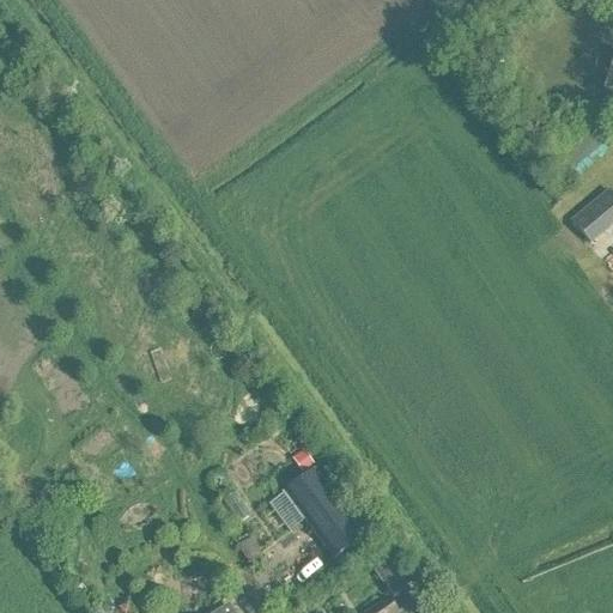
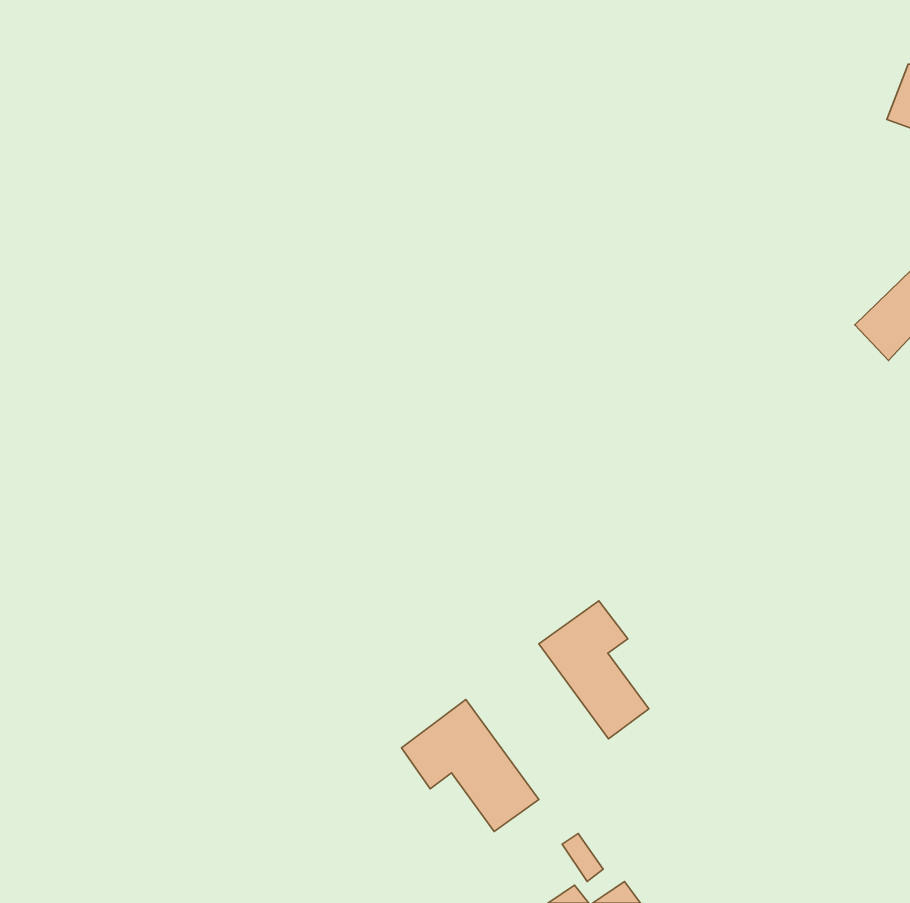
building: none -> [539,601,649,739]

